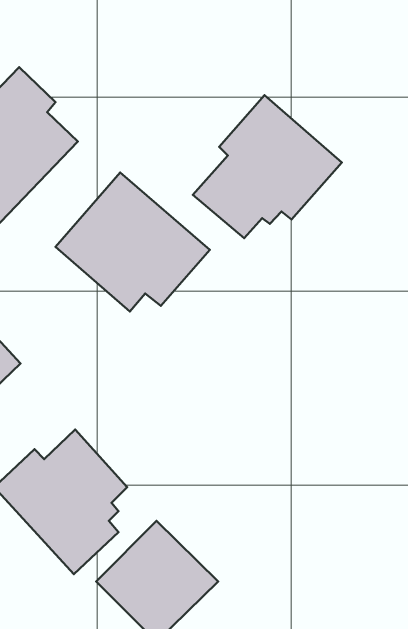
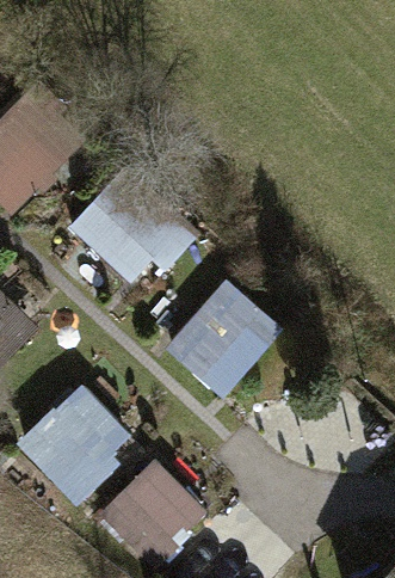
building: [193,95,342,238] -> none
building: none -> [166,301,264,392]

